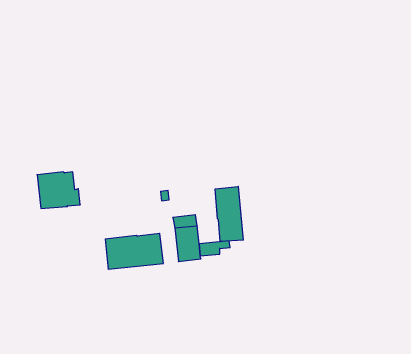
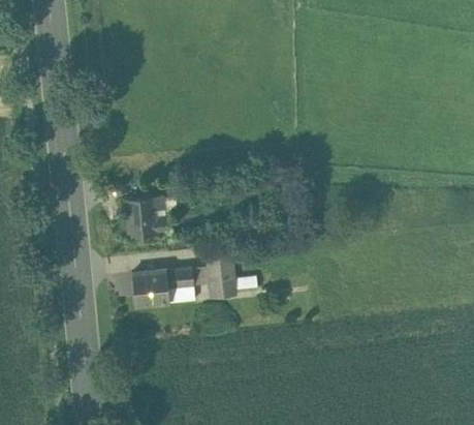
building: [37,172,80,208] -> [122,196,169,237]
building: [215,186,243,242] -> none

